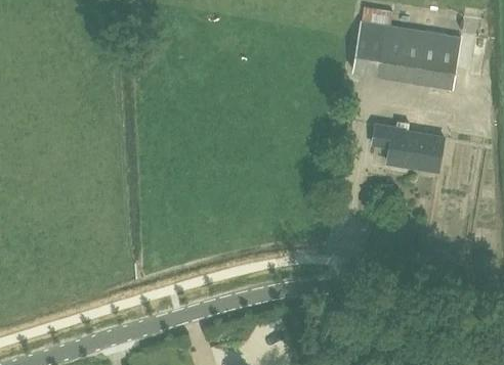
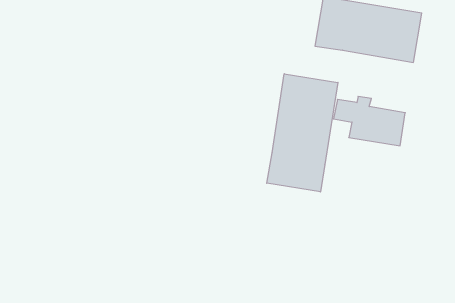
building: none -> [267,74,338,192]

